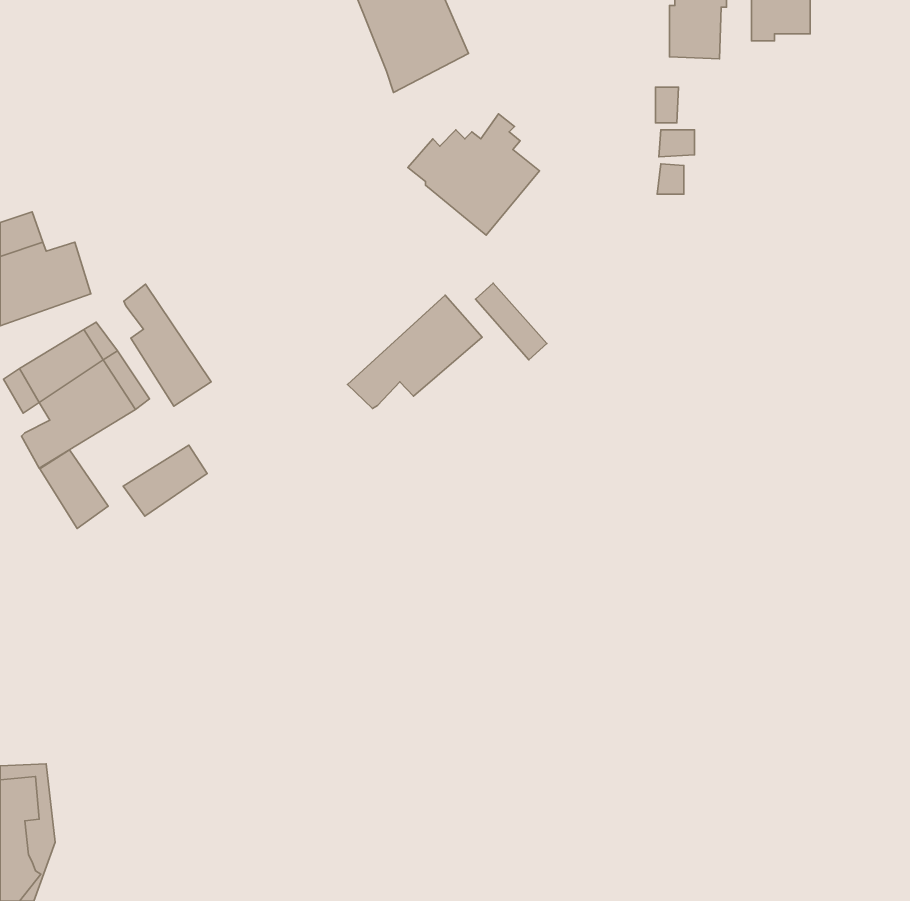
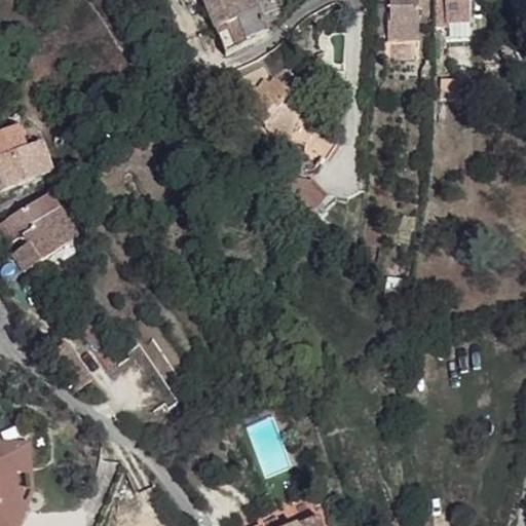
building: [124,284,211,406] -> none
building: [347,295,482,409] -> none
building: [123,445,207,516] -> none
building: [40,450,108,528] -> none

